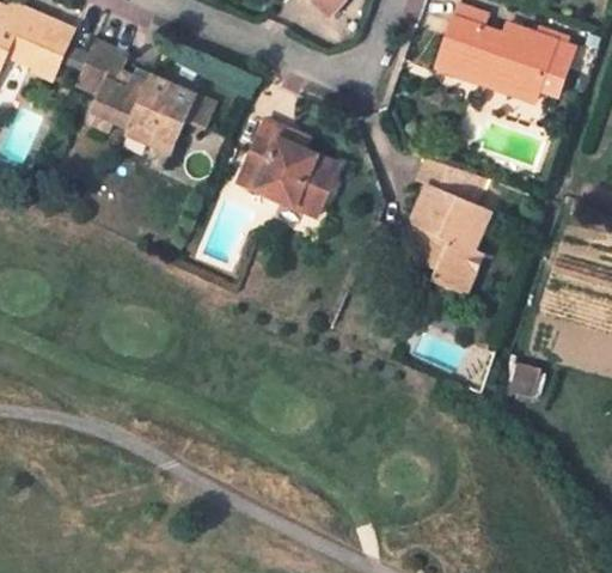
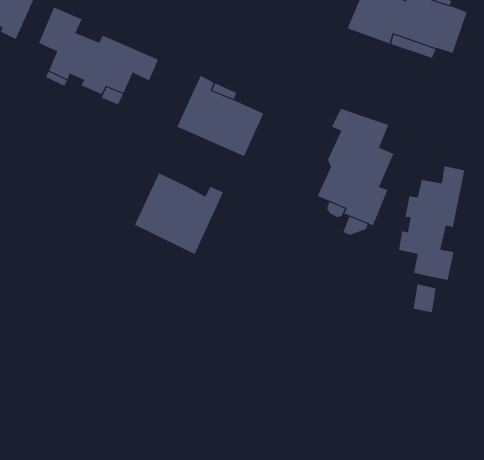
building: none -> [398,165,465,281]
building: none -> [134,173,224,255]

